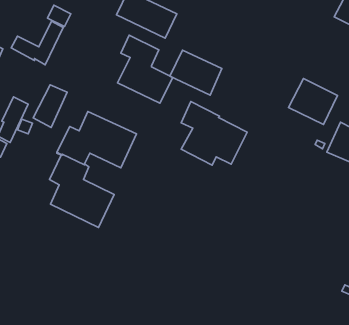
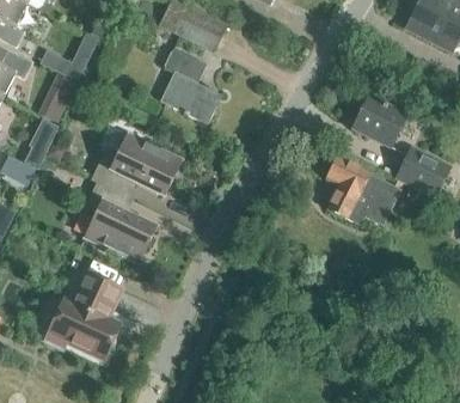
building: [170,50,222,95] -> none
building: [33,85,67,127] -> [38,73,76,121]
building: [181,101,247,165] -> [326,154,400,226]
building: none -> [44,271,122,359]

